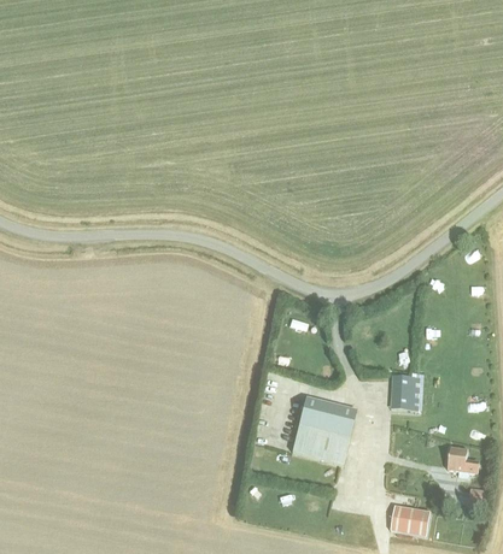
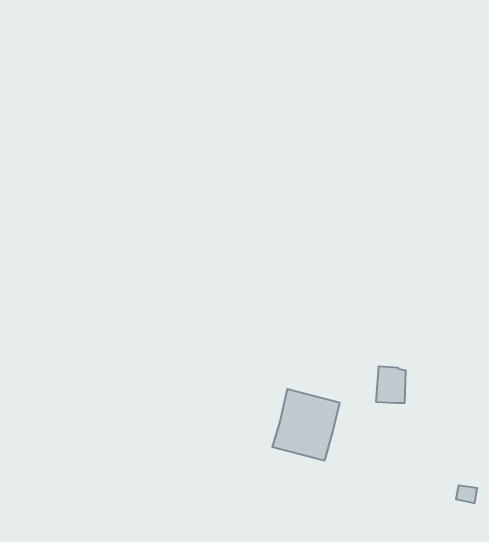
building: [446,447,478,476] -> none
building: [390,505,429,536] -> none

